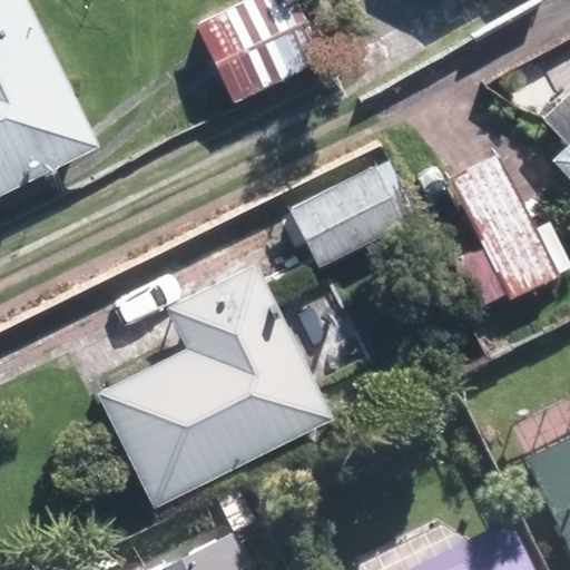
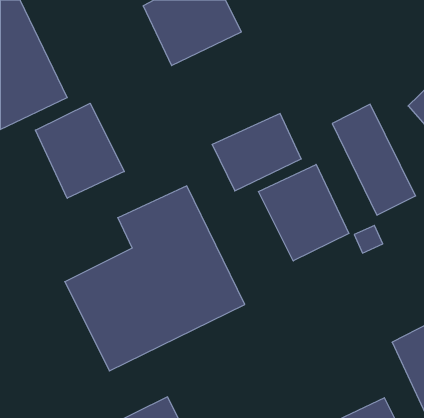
building: none -> [35,103,124,198]
building: none -> [258,164,349,261]

